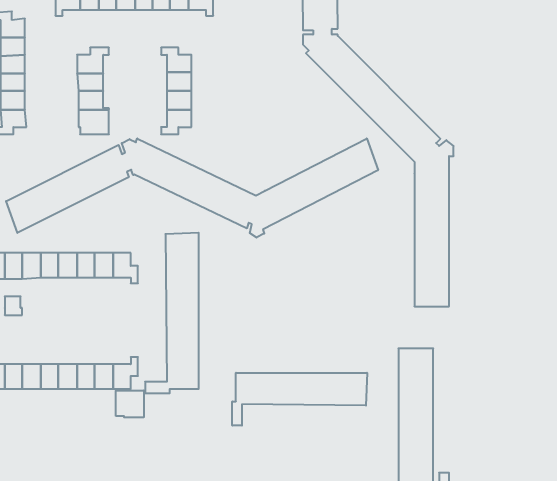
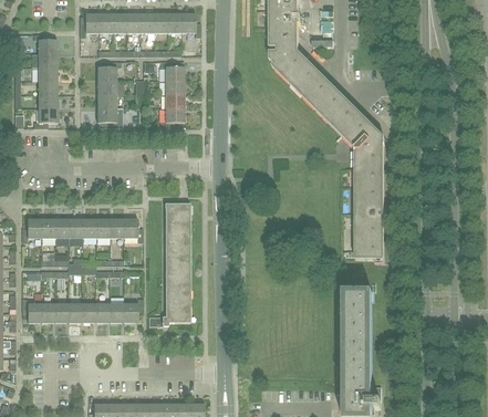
building: [6,138,378,238] -> none
building: [232,373,367,426] -> none
building: [116,390,144,417] -> none

